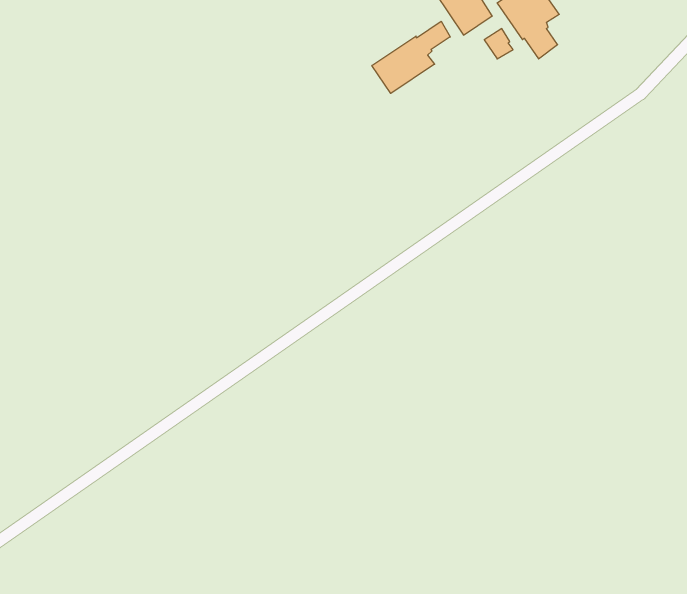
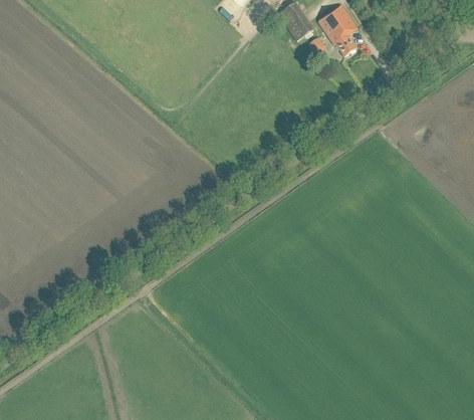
building: [372,21,450,93] -> none

